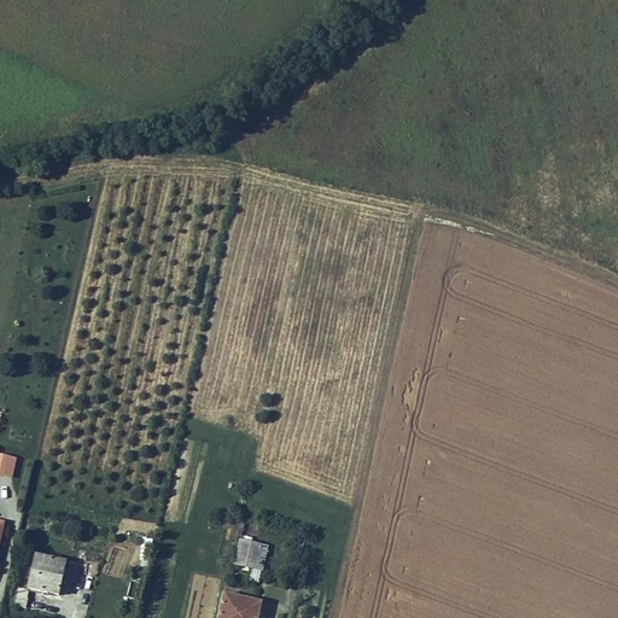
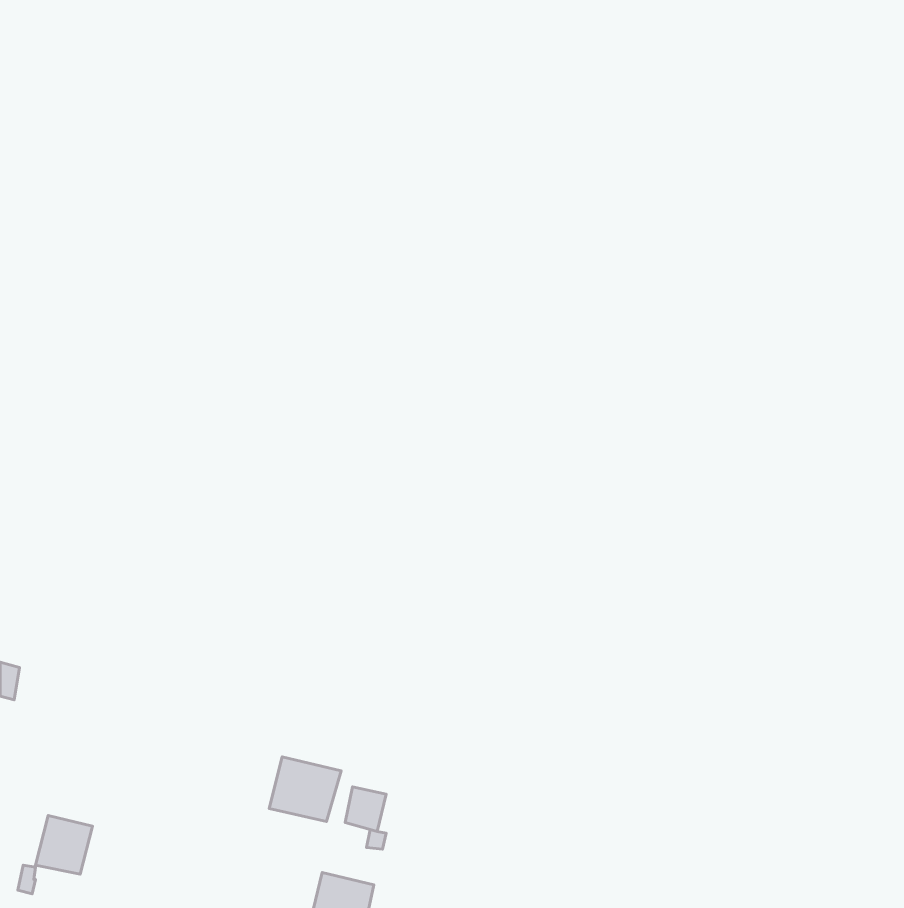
building: none -> [269,757,341,822]

